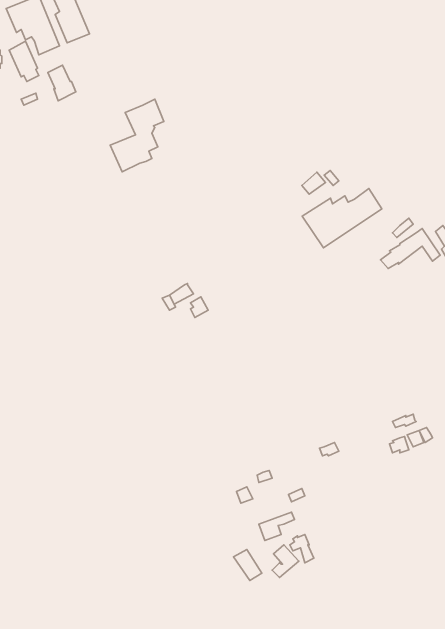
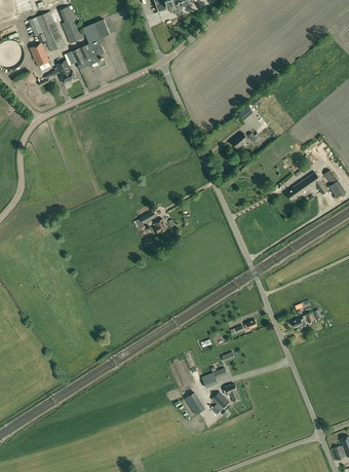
building: [110,99,164,172] -> [72,19,109,69]
building: [302,188,382,248] -> none

